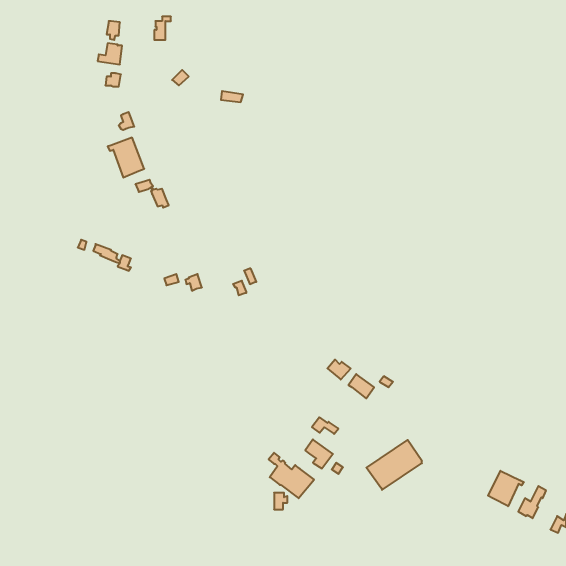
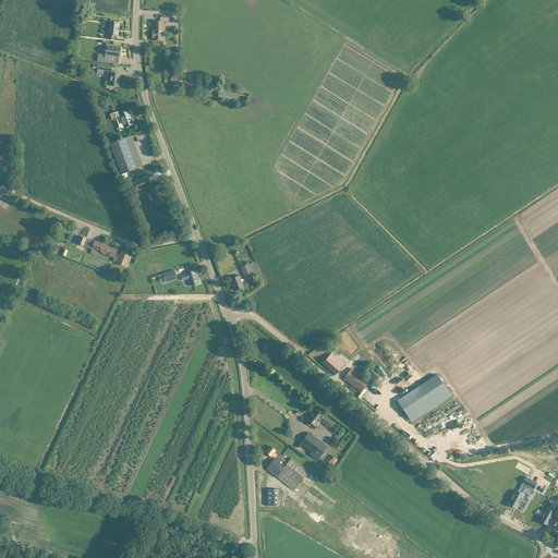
building: [366,440,422,490] -> [396,373,450,422]
building: [488,471,524,506] -> none

